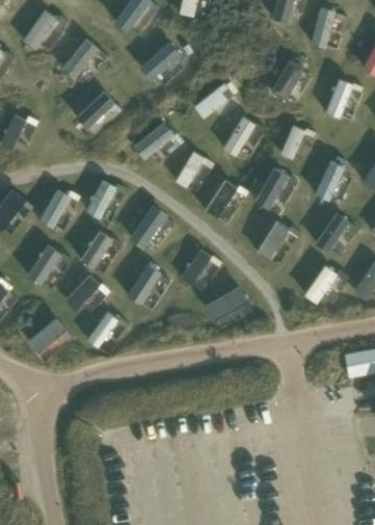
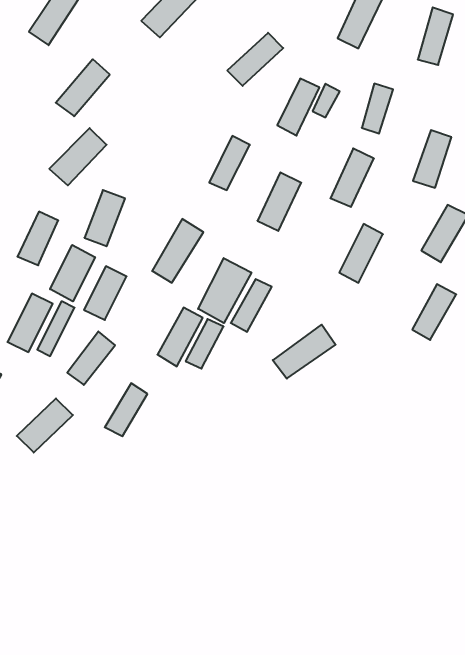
building: [134,122,175,159] -> [49,128,107,185]
building: none -> [50,245,95,301]
building: none -> [198,258,251,323]

